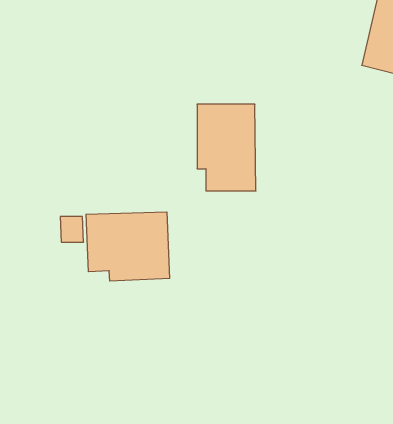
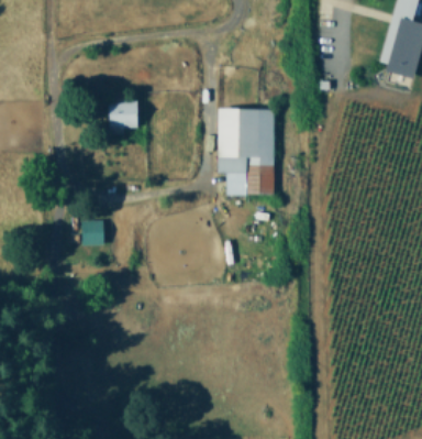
building: none -> [108,100,137,133]
building: [86,212,170,281] -> none

